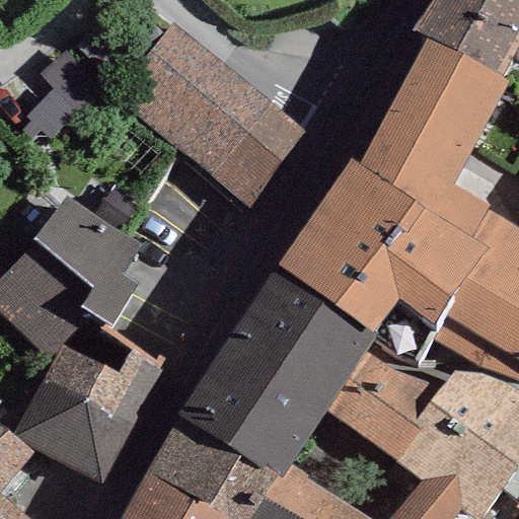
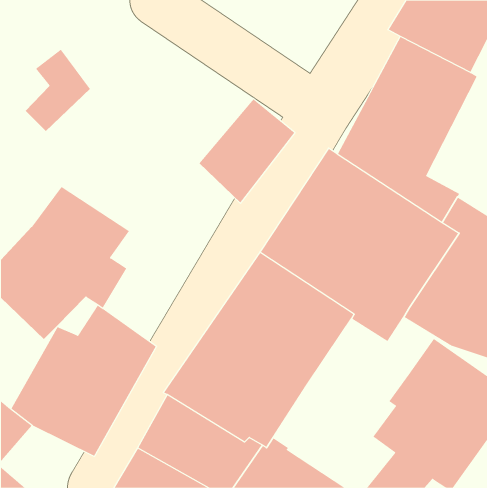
building: [116,24,270,173] -> none
building: [326,354,434,463] -> none

